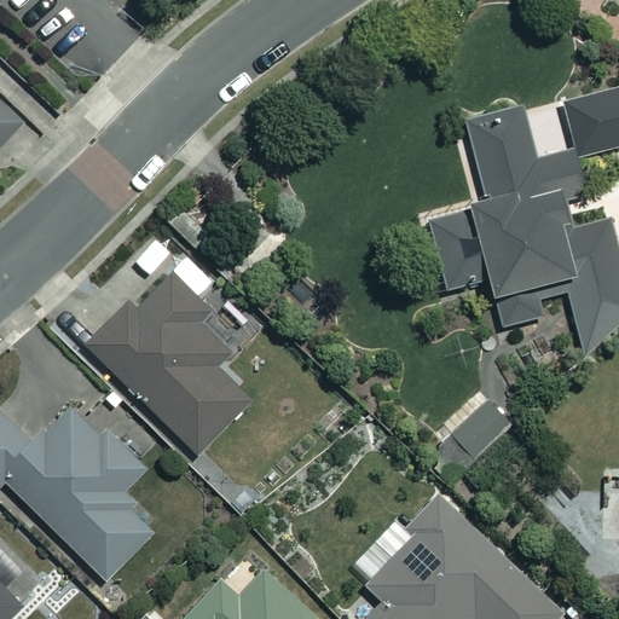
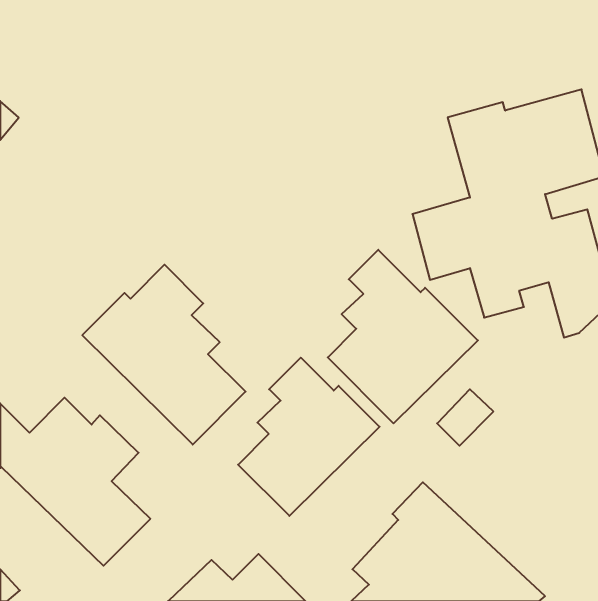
building: none -> [328,250,478,423]
building: none -> [238,358,380,516]

